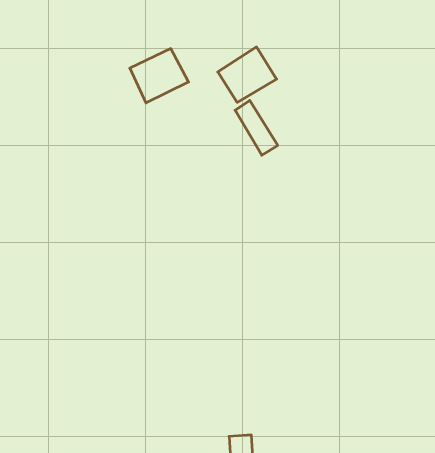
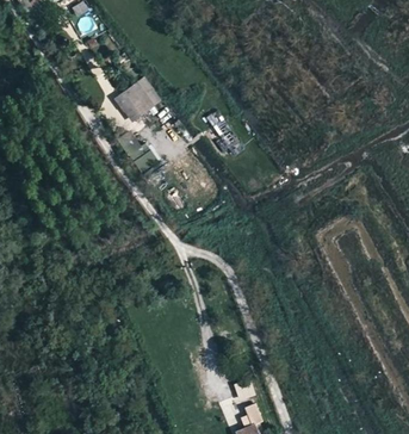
building: [218,47,277,102] -> none

